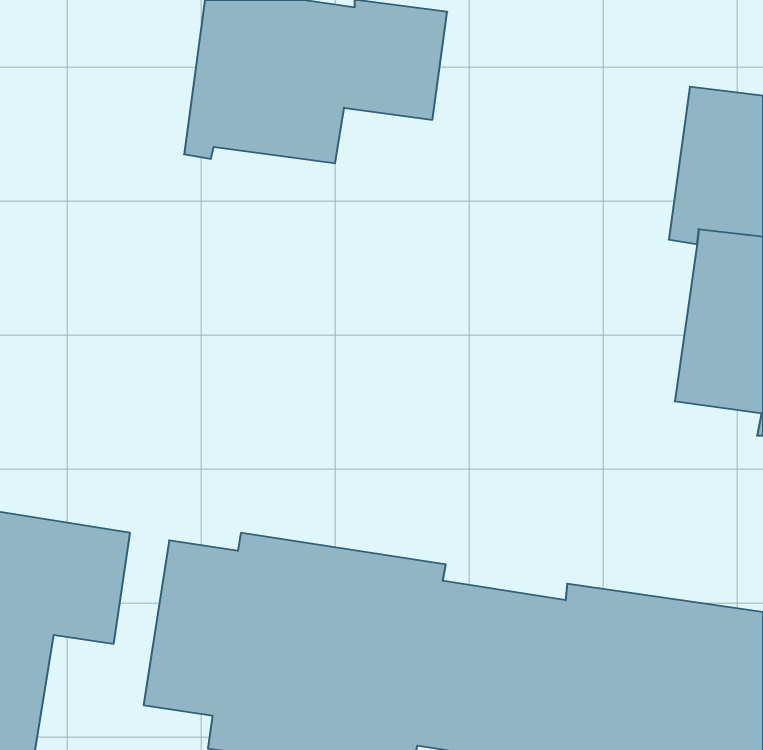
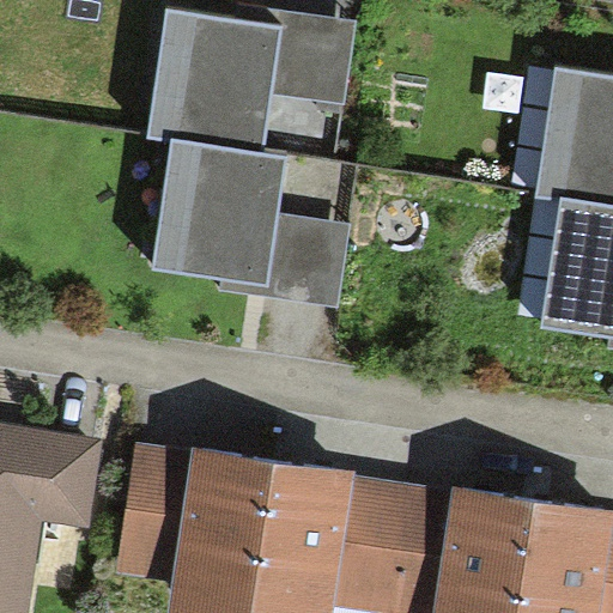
building: none -> [152,129,350,309]

